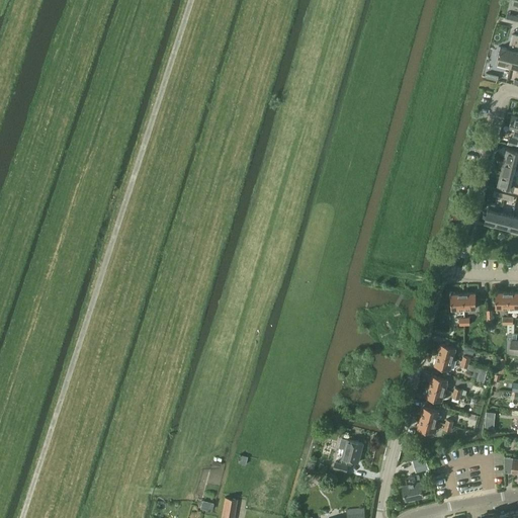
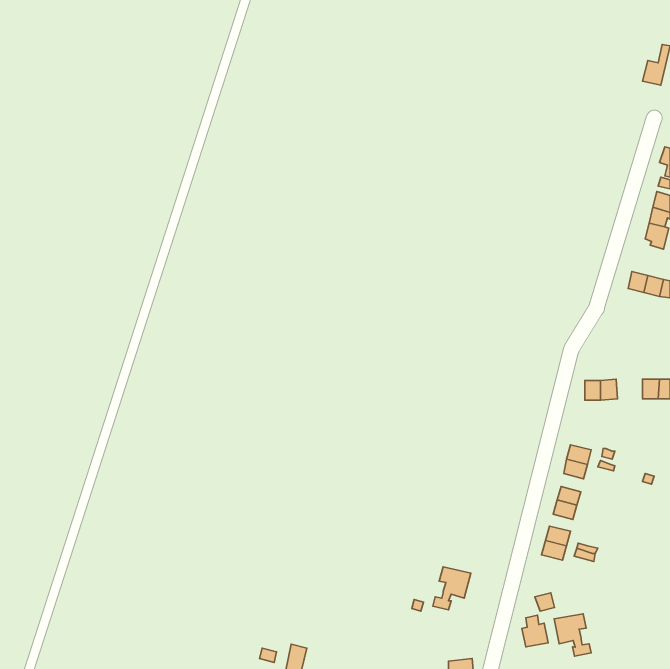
building: none -> [554,614,591,656]

